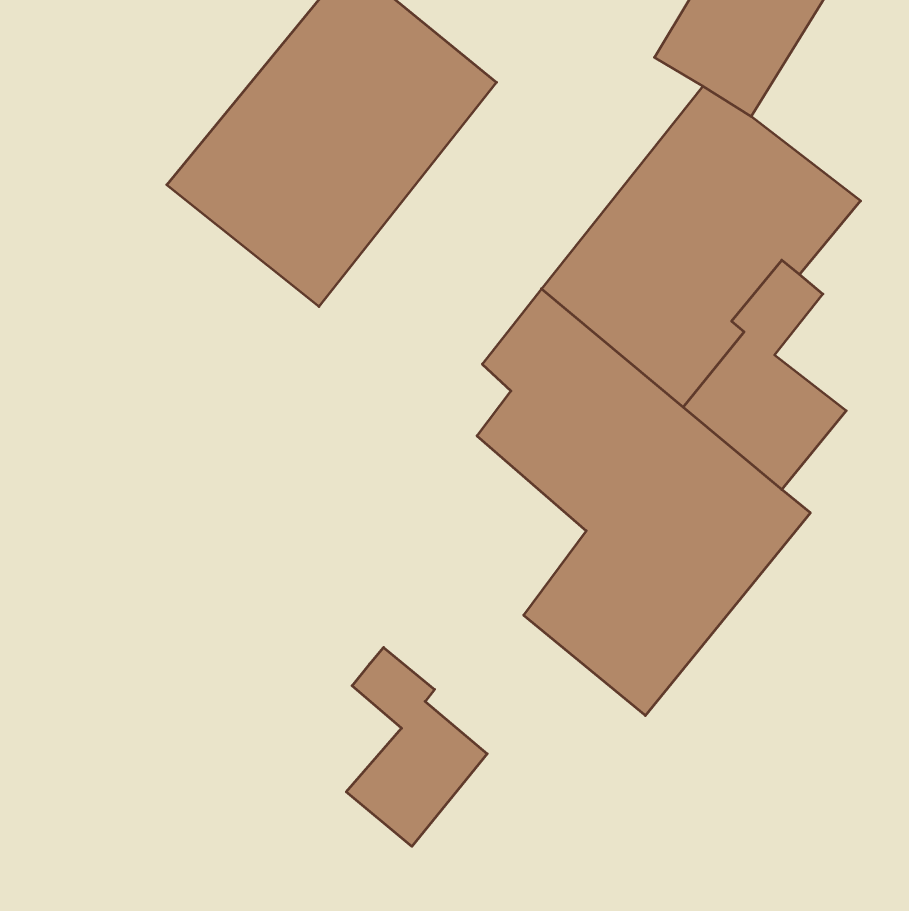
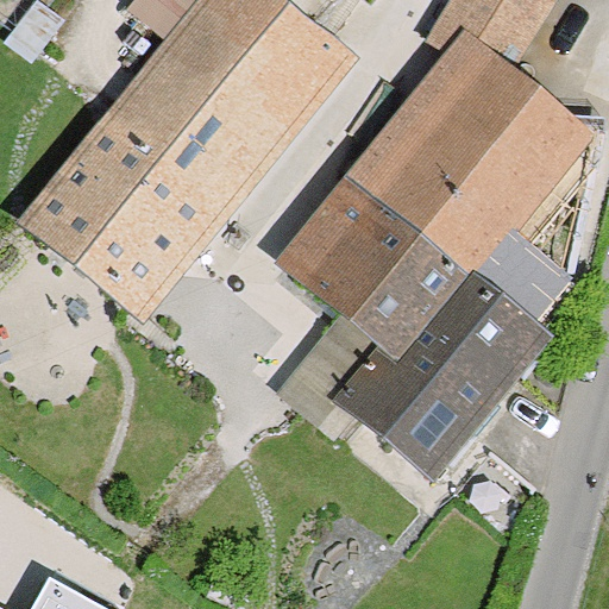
building: none -> [32,123,212,304]
building: [346,647,487,846] -> none

